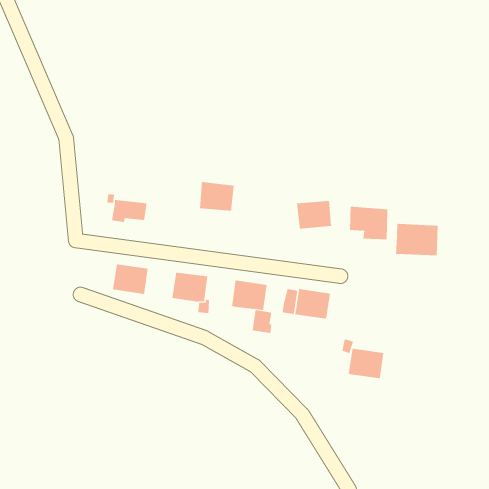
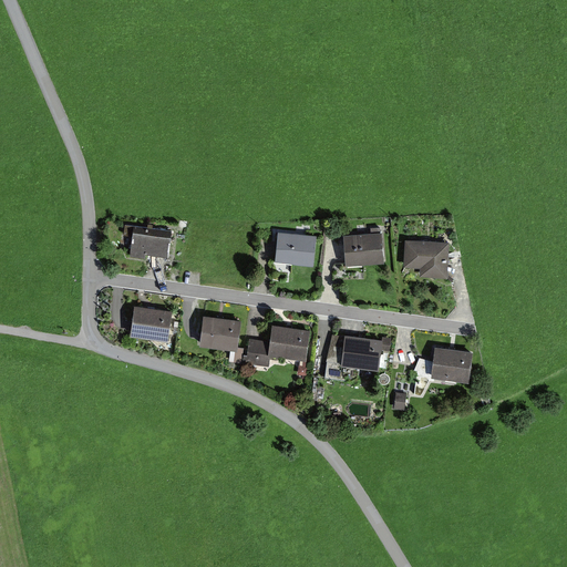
building: [199,182,235,211] -> [275,231,316,266]
building: [396,223,438,256] -> none
building: [252,310,272,334] -> [246,339,269,367]
building: [348,348,384,379] -> [430,347,472,382]

